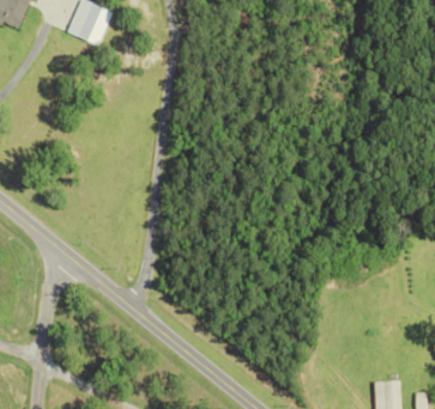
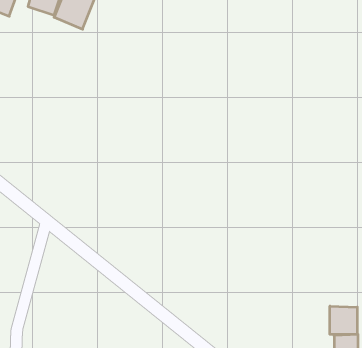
building: none -> [330,306,357,334]

